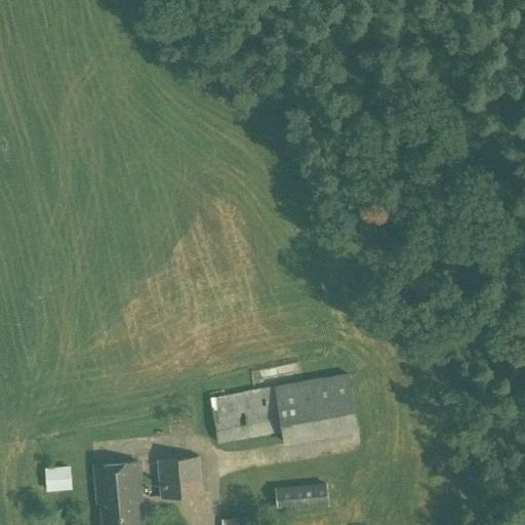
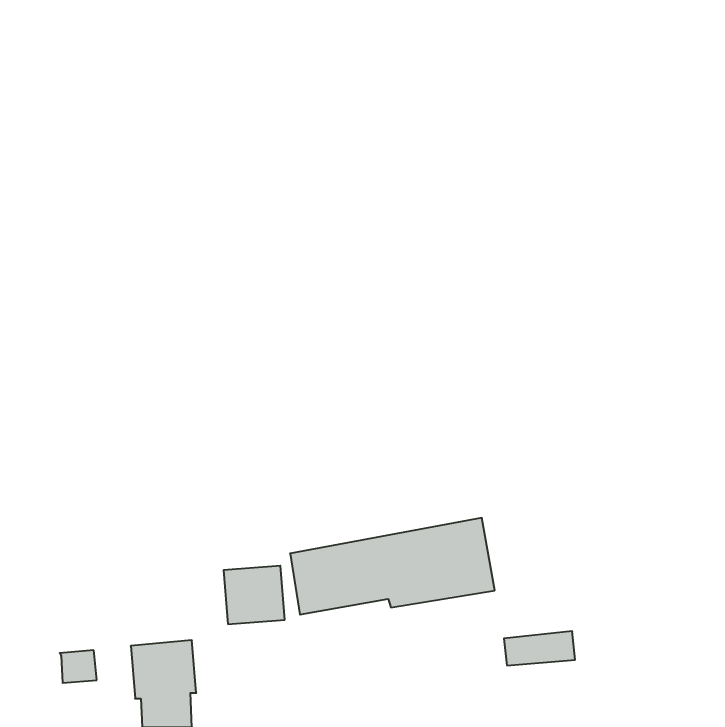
building: [157,456,201,498] -> [224,566,285,624]
building: [275,484,326,509] -> [504,631,575,665]

